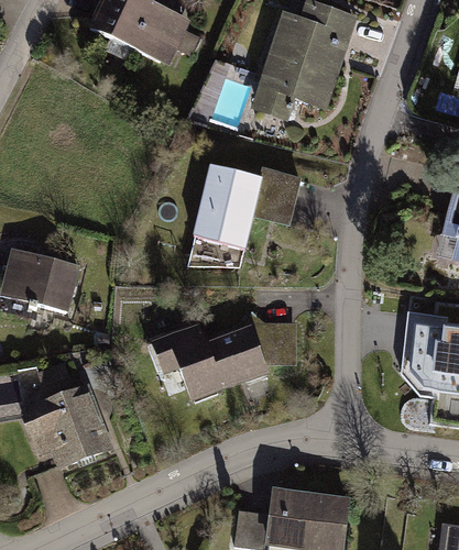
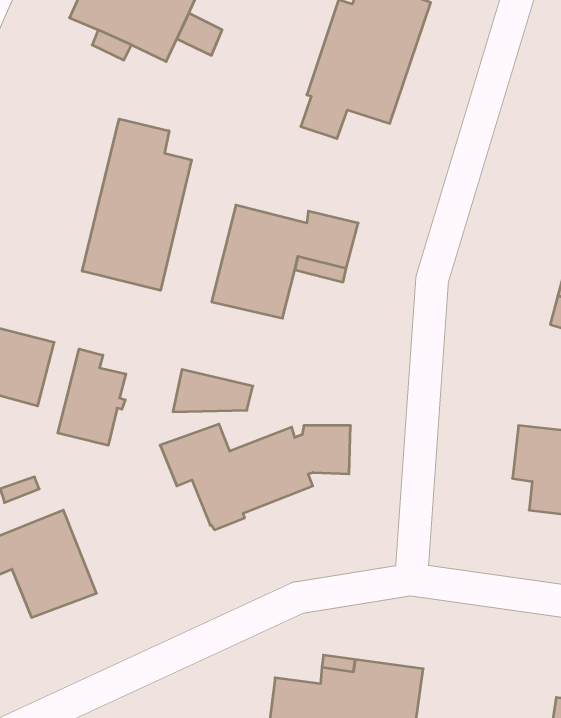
building: none -> [82,119,192,290]
building: [187,234,245,265] -> [173,369,253,412]
building: none -> [58,349,126,445]

